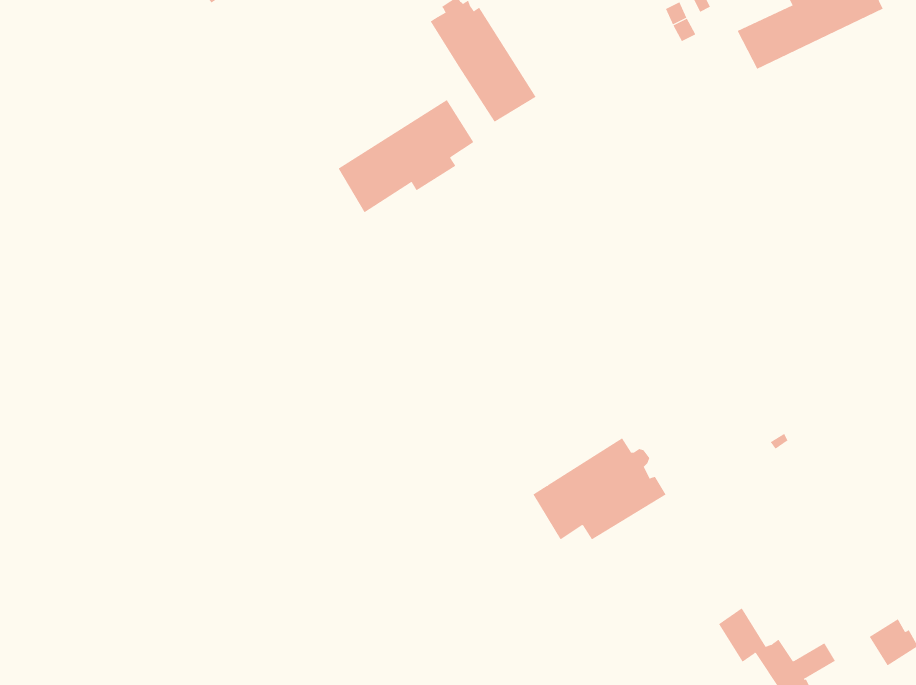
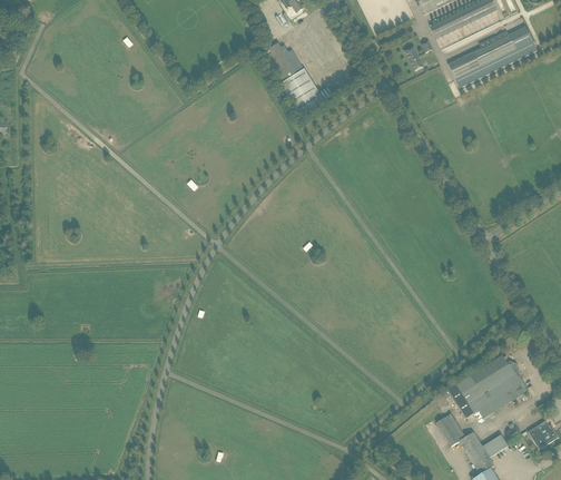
building: [338,99,474,213] -> none
building: [533,437,667,540] -> [447,354,529,417]

